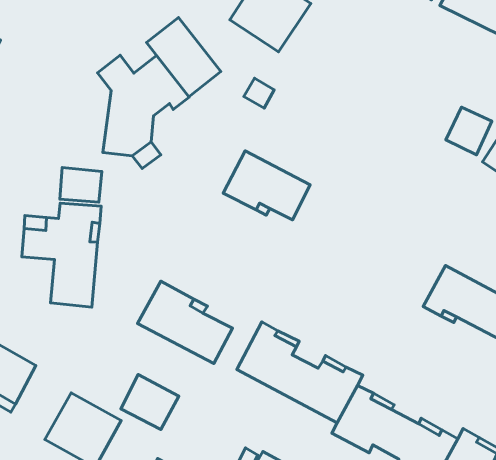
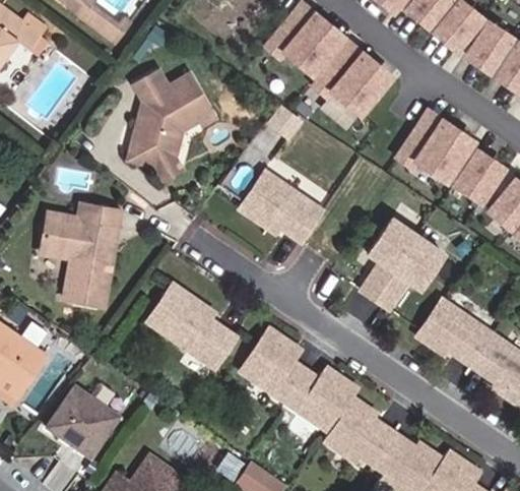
building: none -> [319,41,391,111]
building: [147,17,221,97] -> none
building: none -> [396,110,473,186]
building: [60,168,102,202] -> none
building: none -> [362,219,445,309]
building: [121,375,179,429] -> none

